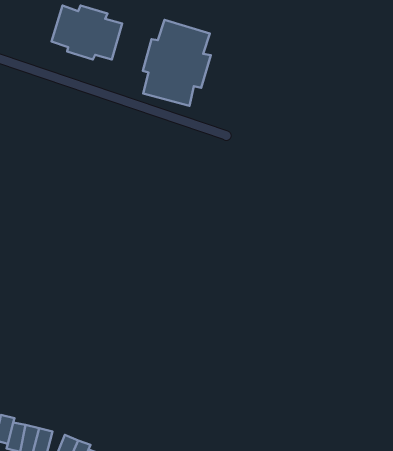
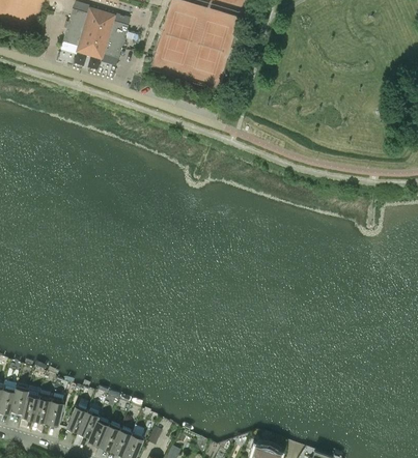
building: [143,20,211,106] -> none

